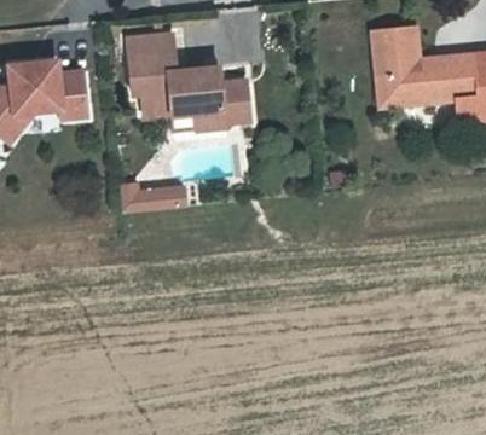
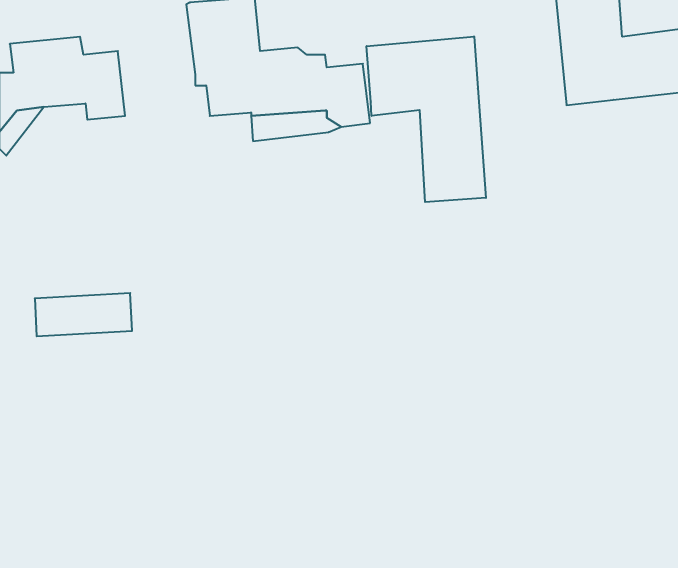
building: none -> [367,36,486,202]
building: [121,180,186,209] -> [35,293,132,336]

